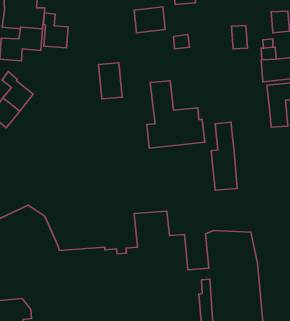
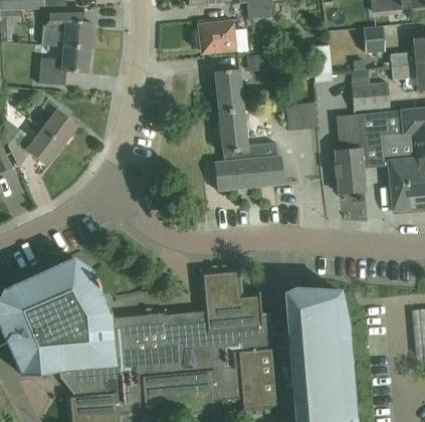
building: [44,13,68,48] -> none
building: [99,63,122,99] -> [215,68,243,112]
building: none -> [286,101,317,130]
building: [211,122,237,190] -> [335,112,366,193]

